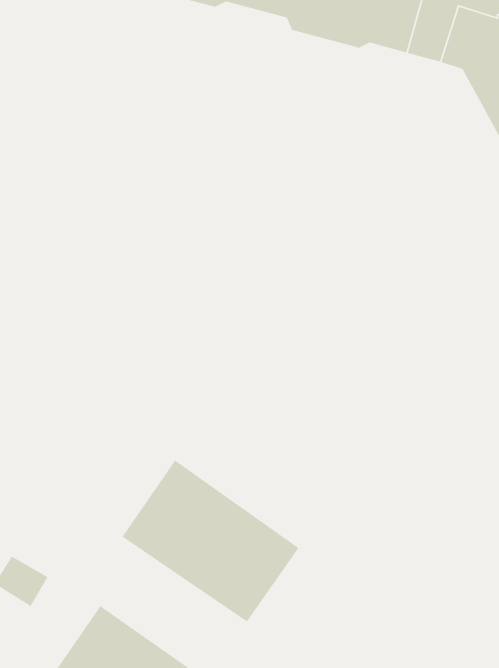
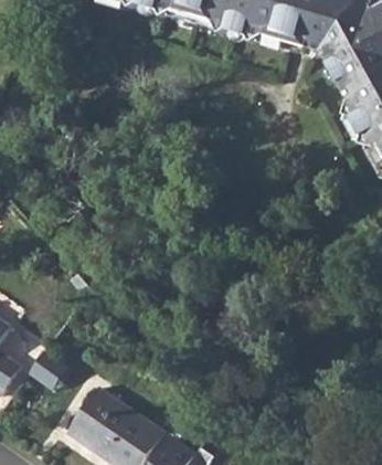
building: [122,460,300,623] -> none

